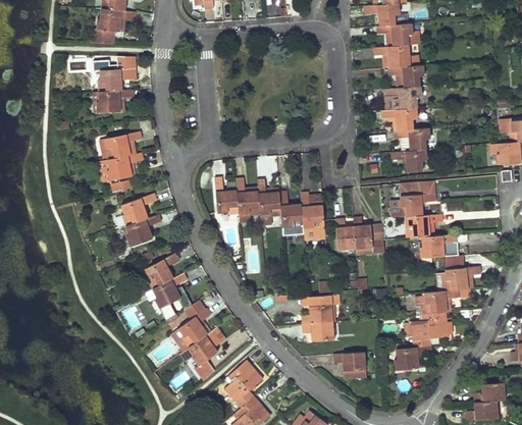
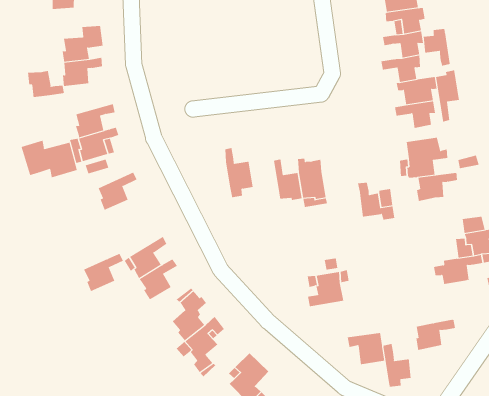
building: none -> [423,28,451,66]
building: none -> [28,70,64,98]
building: none -> [435,69,459,122]
building: none -> [21,140,77,178]
building: [215,176,239,214] -> none
building: [257,178,281,224] -> none
building: [125,213,162,246] -> [83,253,124,292]
building: [335,218,355,250] -> none
building: [420,233,457,257] -> none
building: [410,311,447,347] -> none
building: [302,321,334,340] -> none
building: none -> [383,343,411,387]

